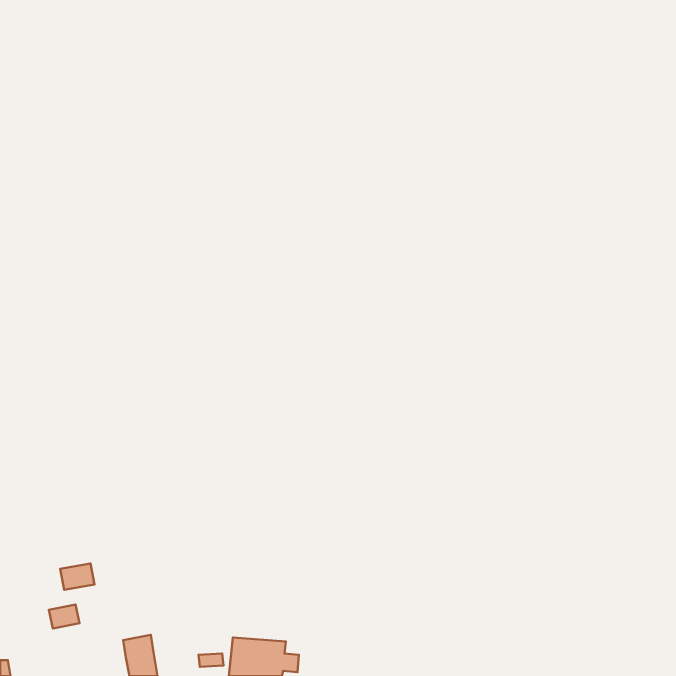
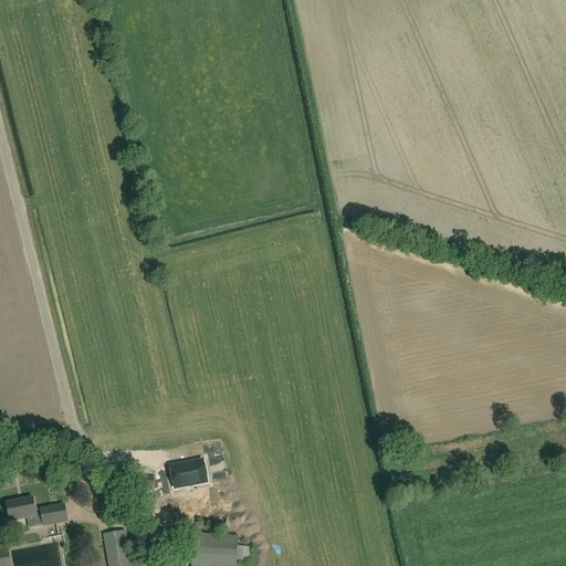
building: none -> [170,462,207,489]
building: [60,563,95,590] -> [7,499,35,521]

